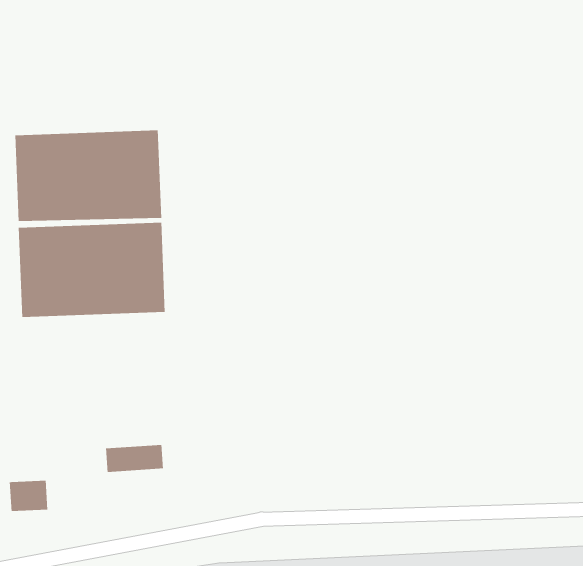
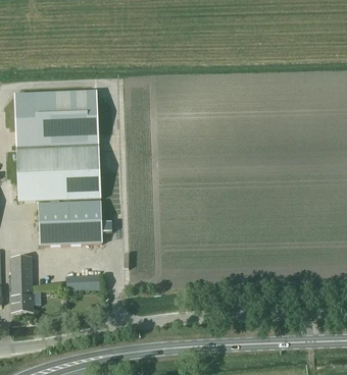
building: none -> [38,200,101,244]
building: none -> [9,255,32,294]

